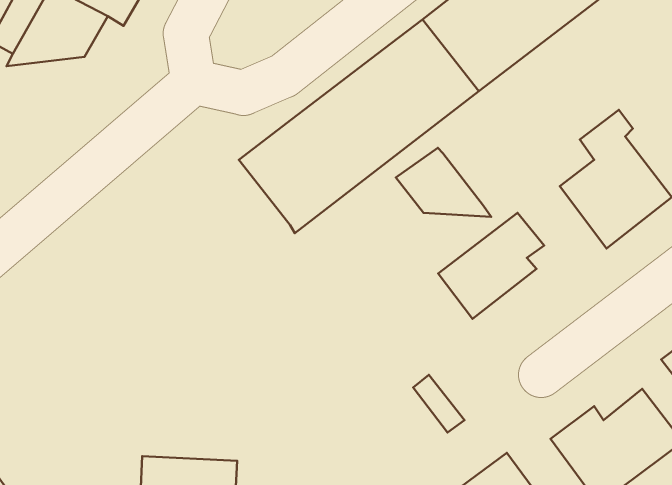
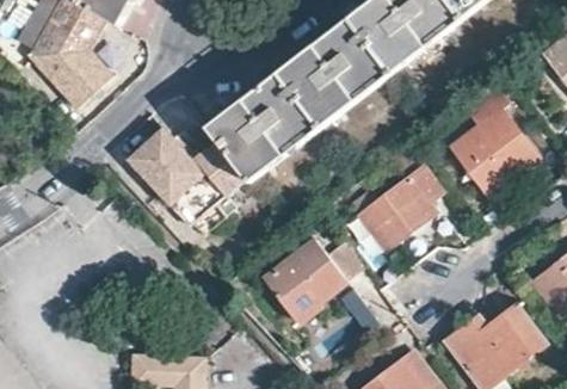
building: none -> [27,48,111,107]
building: [396,148,491,217] -> none
building: none -> [125,125,245,223]
building: none -> [261,237,345,319]

